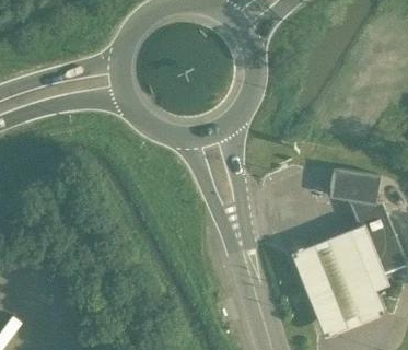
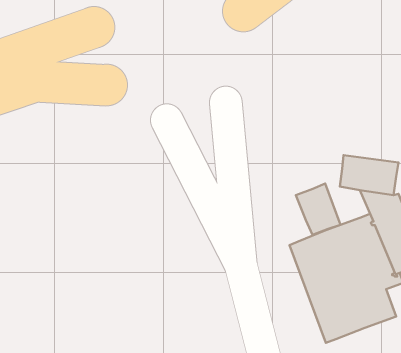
building: none -> [296,184,341,235]

